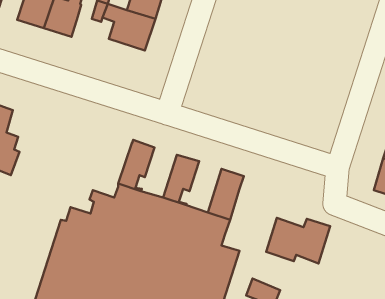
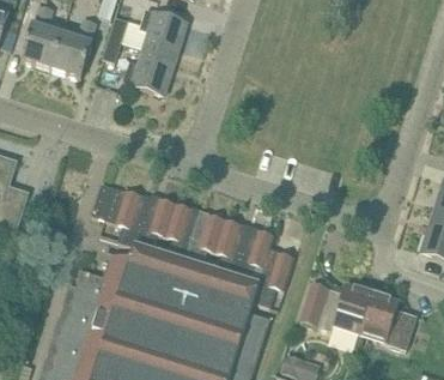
building: none -> [91,183,150,248]
building: none -> [159,204,200,260]
building: none -> [209,219,250,277]
building: none -> [254,251,294,308]
building: none -> [359,292,416,350]

